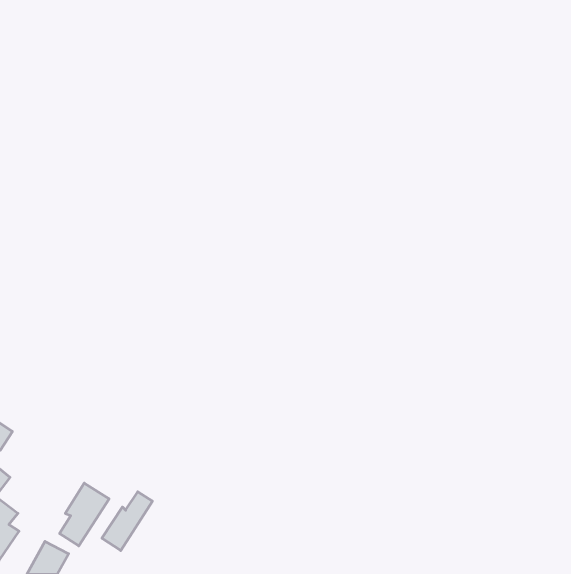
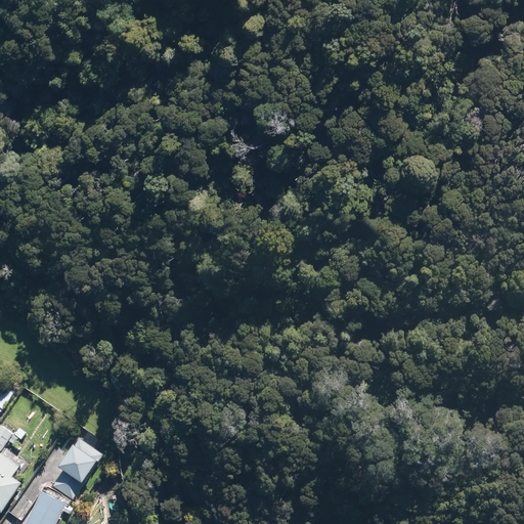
building: [102,492,152,551] -> none

